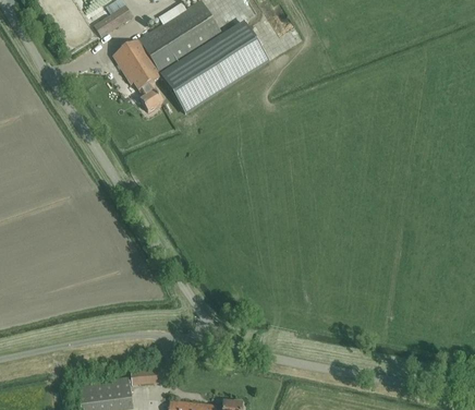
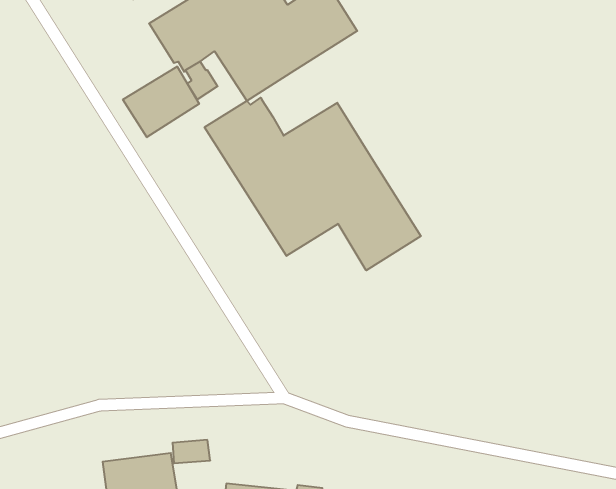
building: none -> [123,66,199,137]
building: none -> [205,98,421,270]

